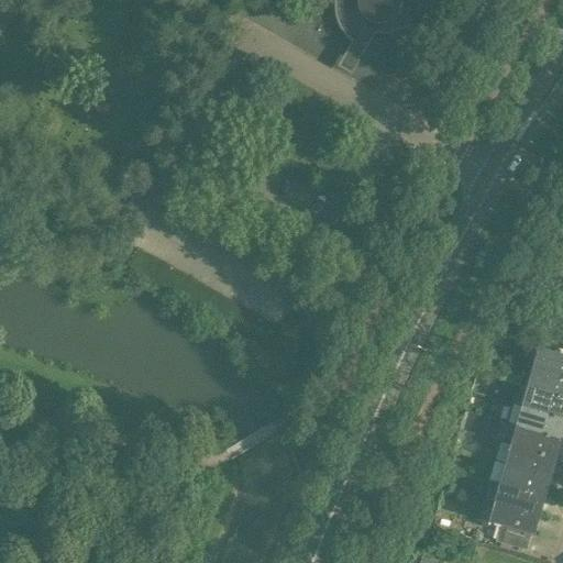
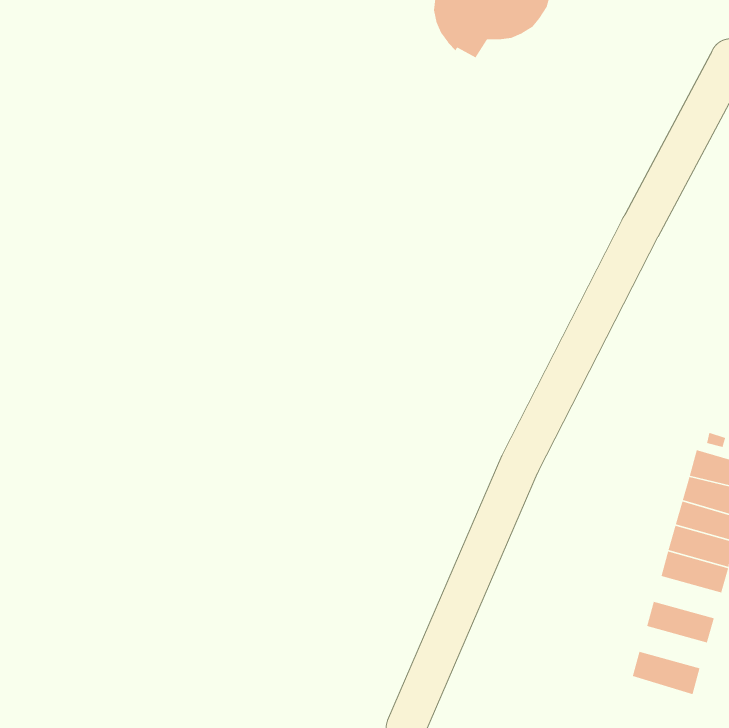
building: [504,443,556,475] -> none
building: [493,482,545,514] -> none

